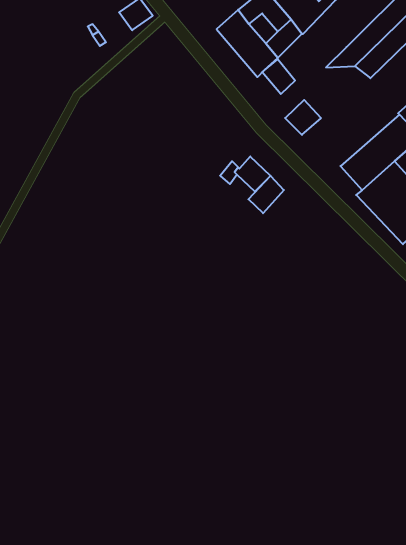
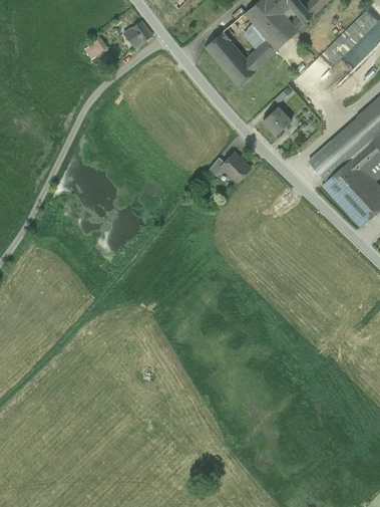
building: [262,59,295,94] -> none
building: [248,176,284,213] -> none

